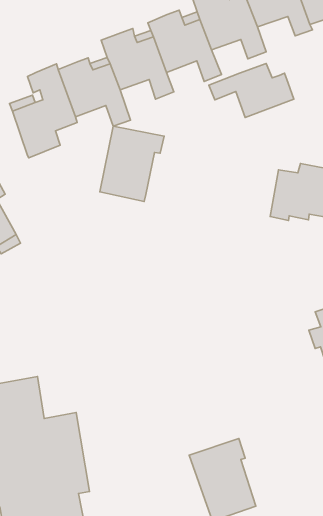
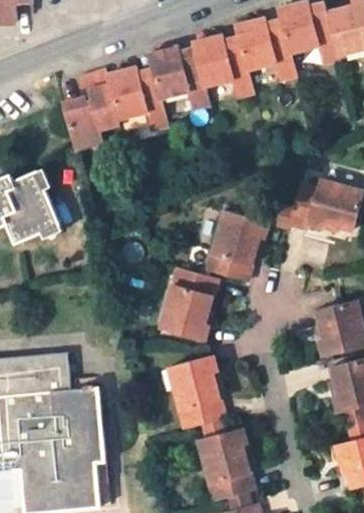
building: [209,63,294,118] -> none
building: [100,126,164,201] -> [206,212,268,283]
building: none -> [158,268,215,342]
building: none -> [166,357,220,426]

